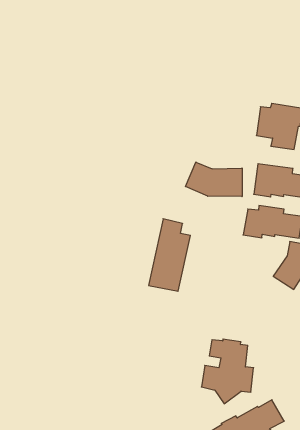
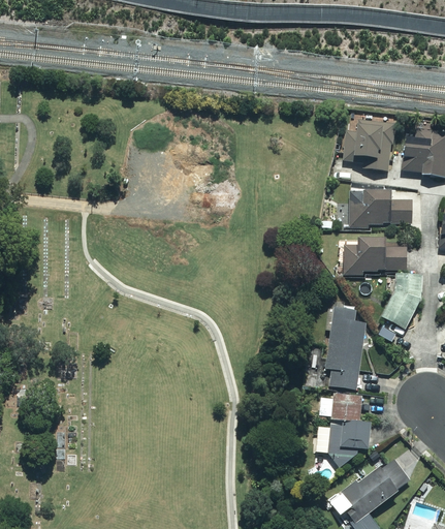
building: [186,162,242,197] -> none
building: [149,219,190,291] -> [324,308,365,388]

